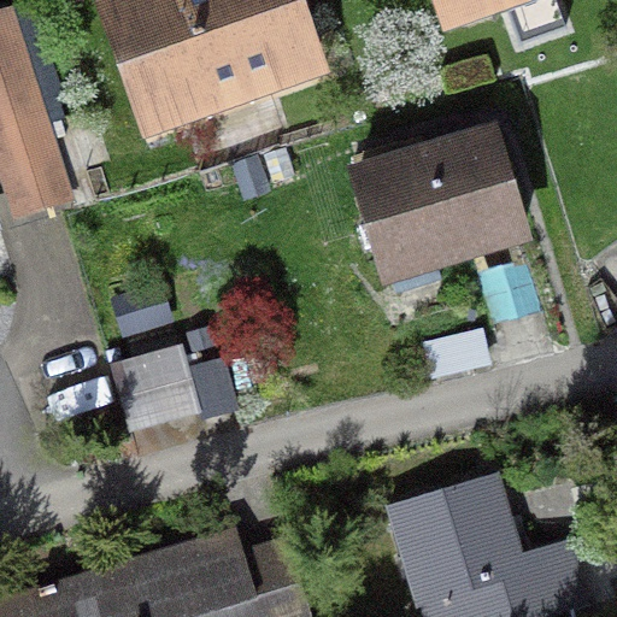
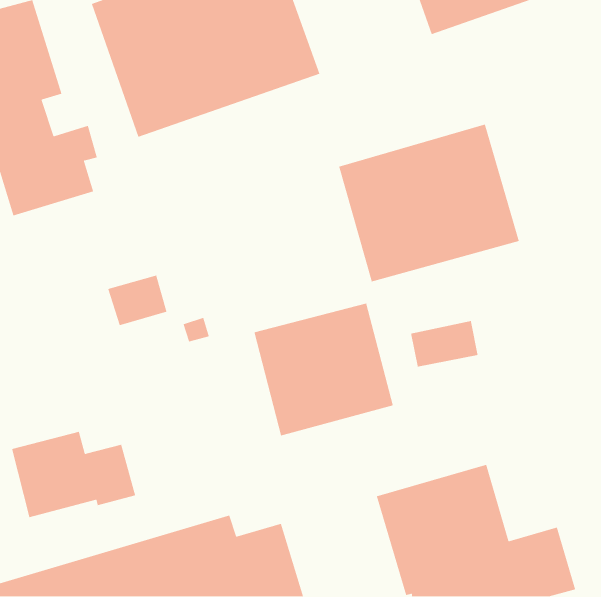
building: none -> [254,302,394,436]
building: [111,345,239,434] -> [11,431,136,518]

